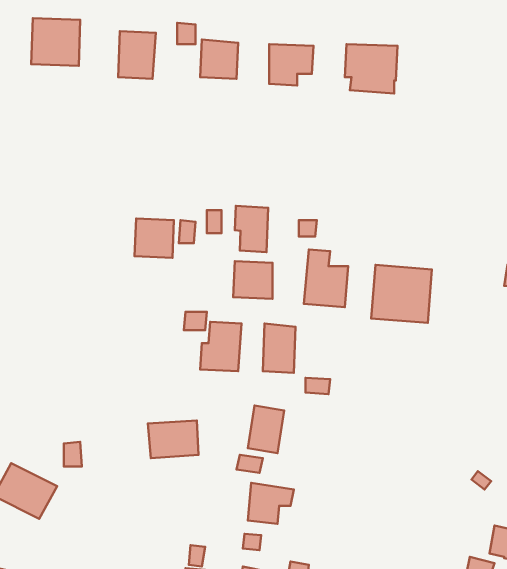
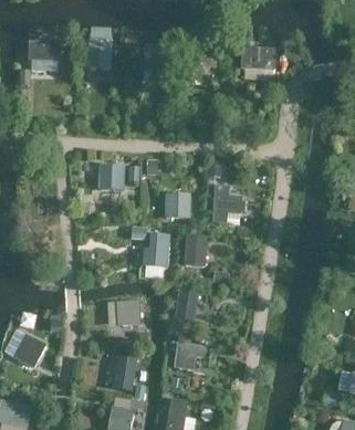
building: [235,206,268,252] -> none
building: [371,265,432,323] -> none
building: none -> [114,356,138,391]

